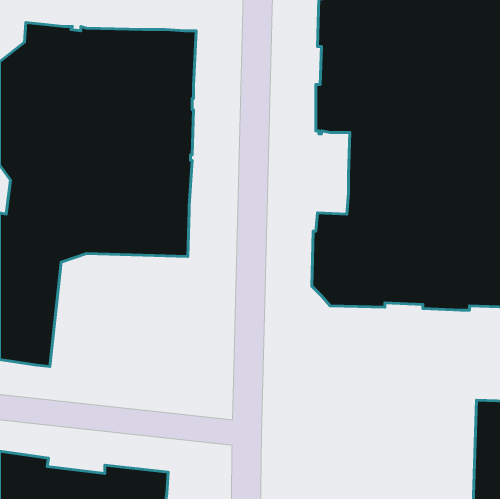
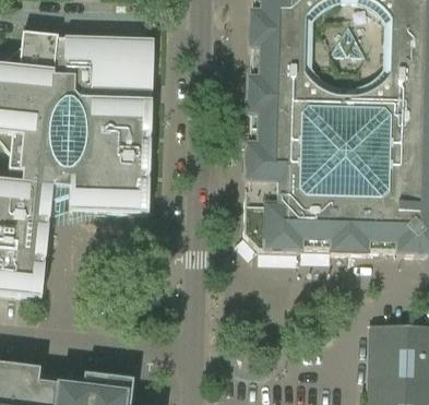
building: none -> [249,116,274,180]

